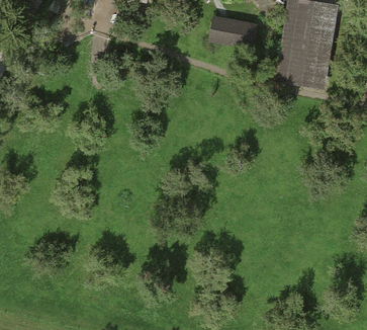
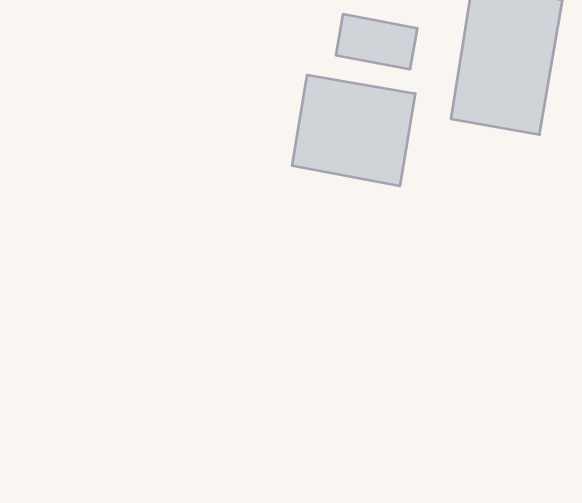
building: none -> [292,75,415,186]

